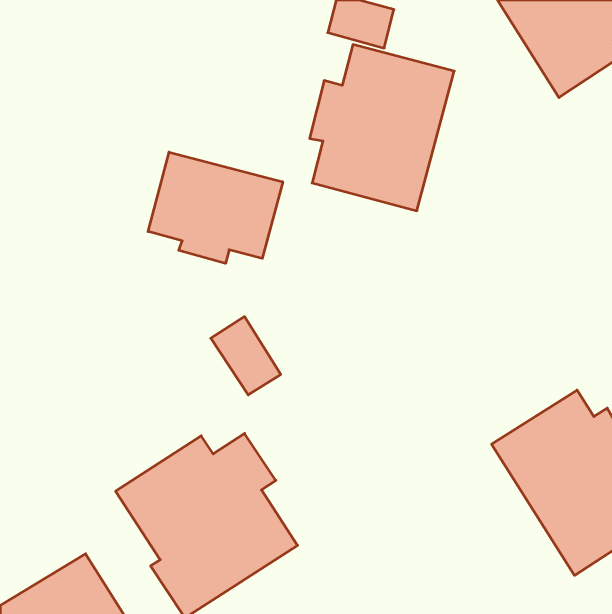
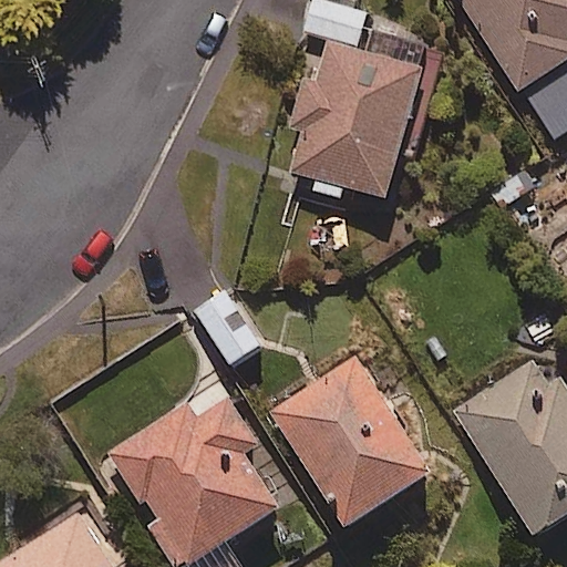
building: [148,152,283,263] -> none
building: none -> [269,357,429,525]

